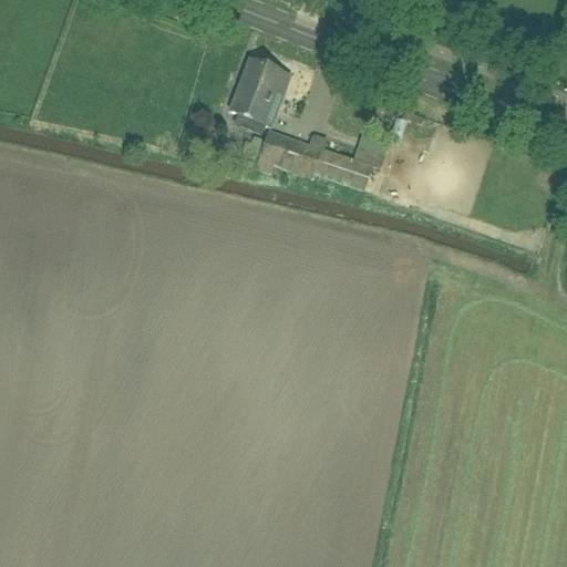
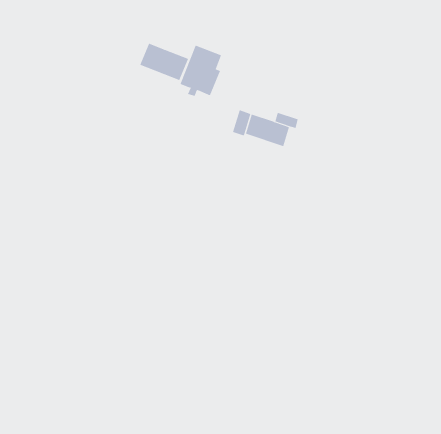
building: none -> [139,43,189,81]
building: [254,127,291,171] -> none

